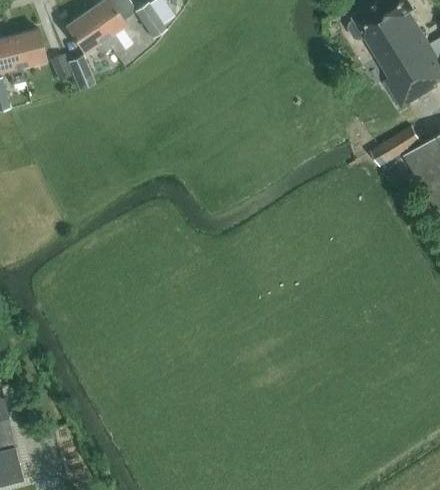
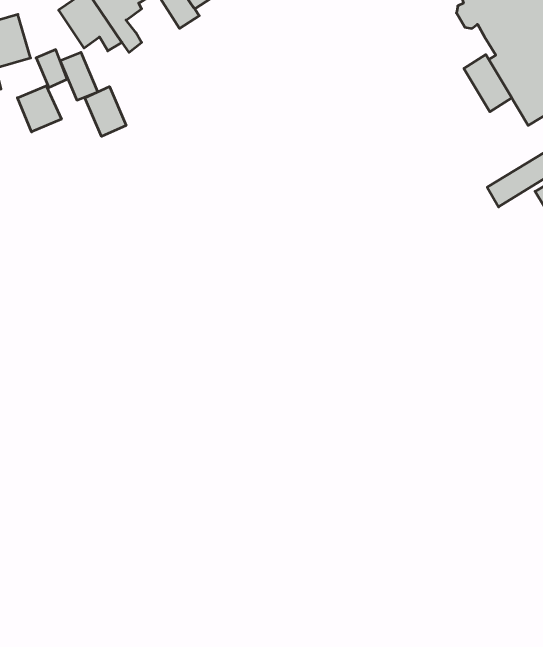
building: none -> [464,55,512,112]
building: none -> [17,86,61,132]
building: none -> [85,87,126,136]

